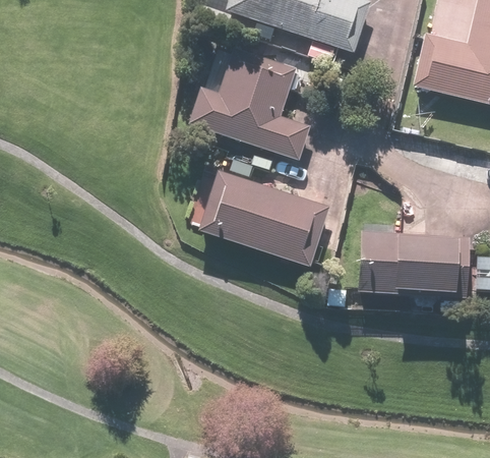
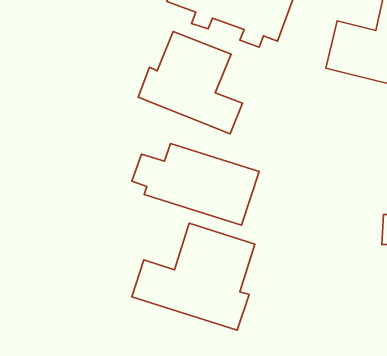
building: [358,218,471,295] -> none
building: none -> [132,223,255,330]

